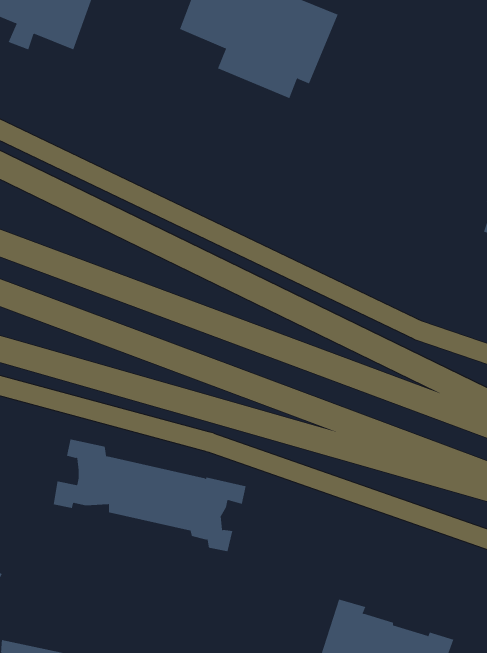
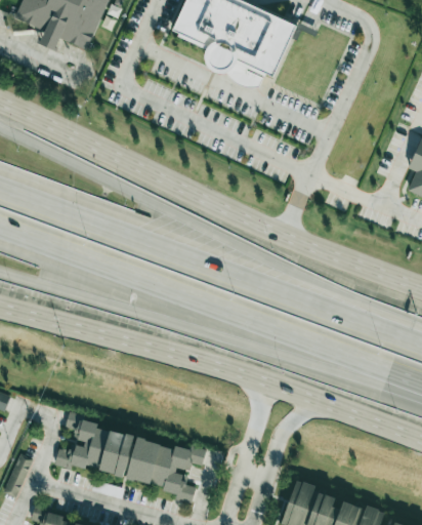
building: [53,439,246,552] -> [55,414,206,502]

